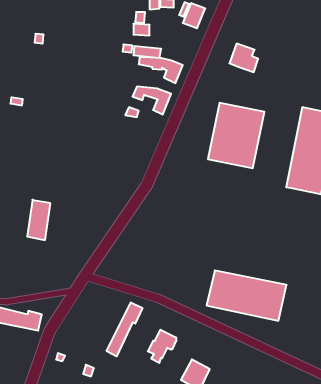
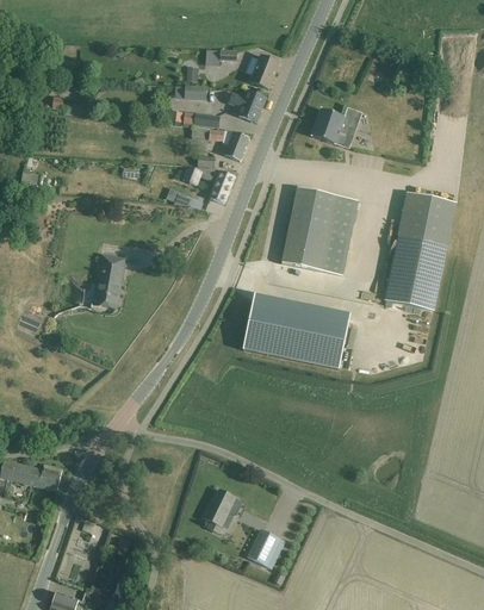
building: none -> [228,89,266,122]
building: [27,200,50,240] -> [93,254,124,307]
building: [207,270,287,321] -> [243,300,349,367]
building: [107,302,142,356] -> none

